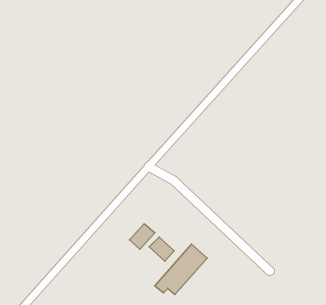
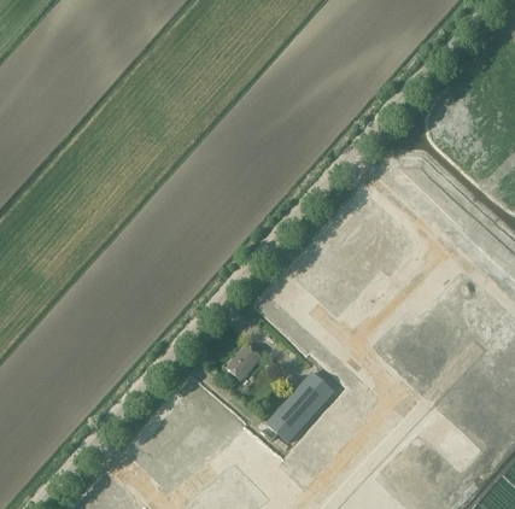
building: [149,237,174,261] -> none

